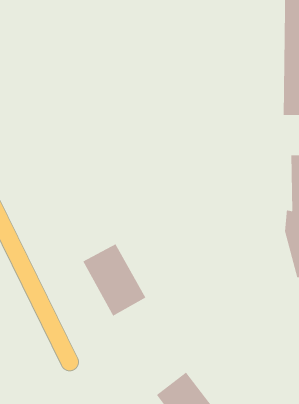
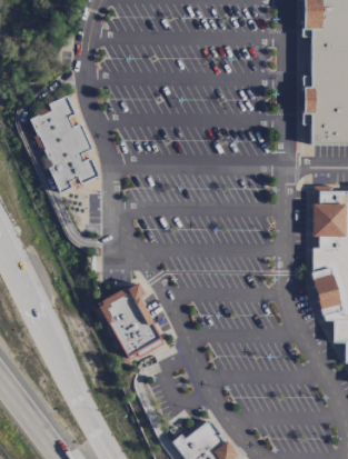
building: none -> [30,99,98,196]

